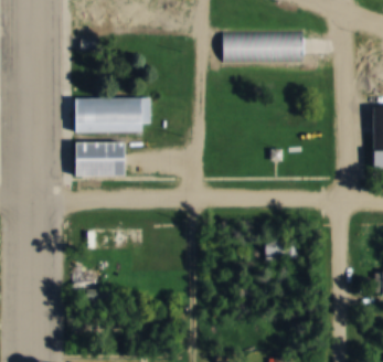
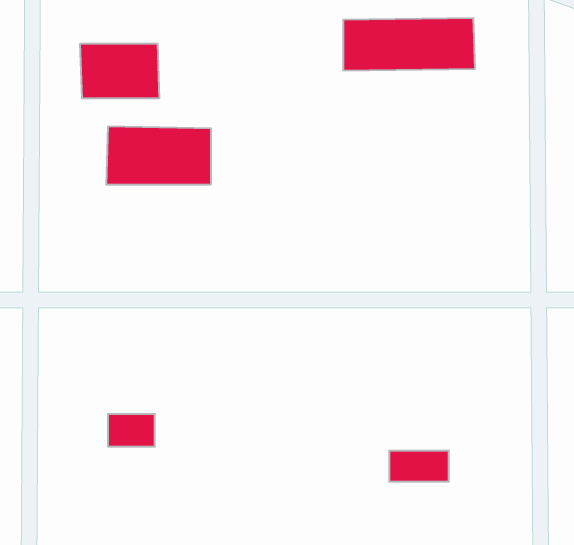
building: [76,140,125,173] -> [80,44,160,98]
building: [266,242,302,260] -> [389,451,449,482]

